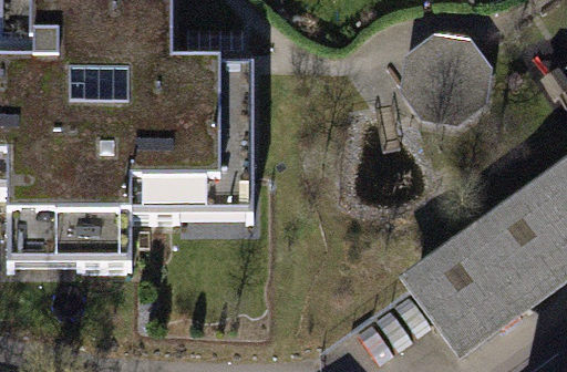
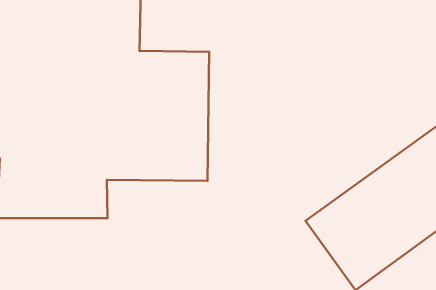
building: [375,30,498,115] -> none

